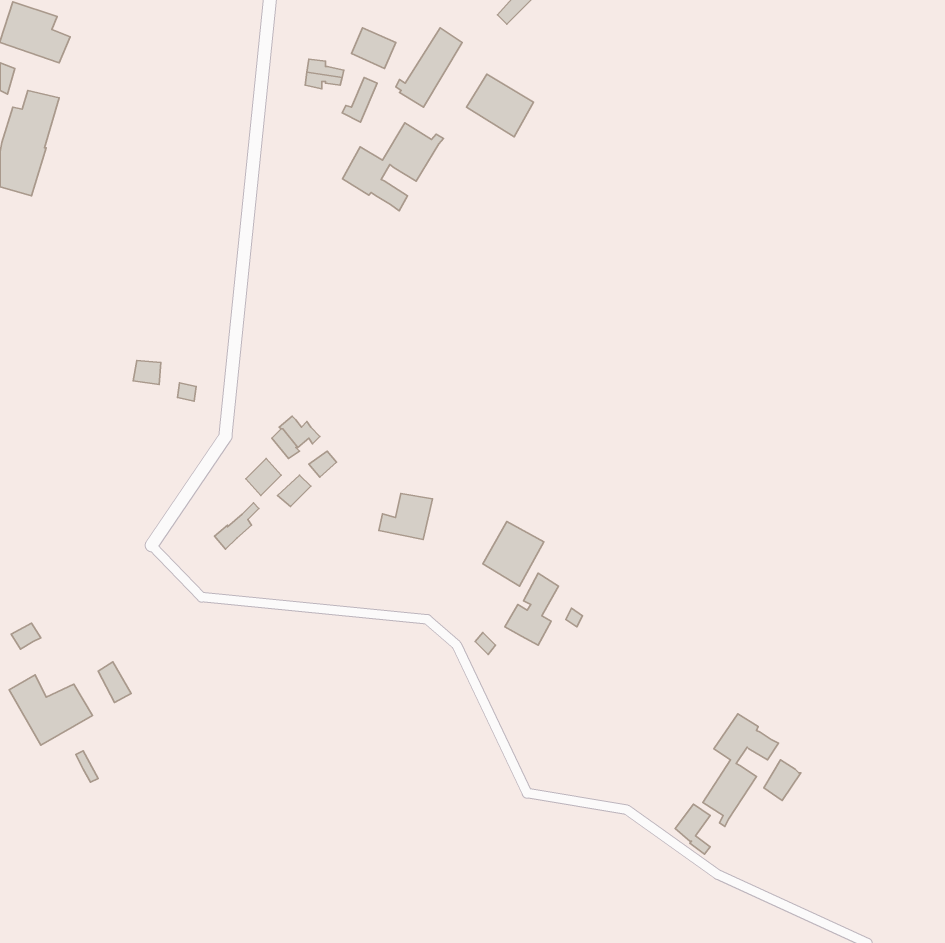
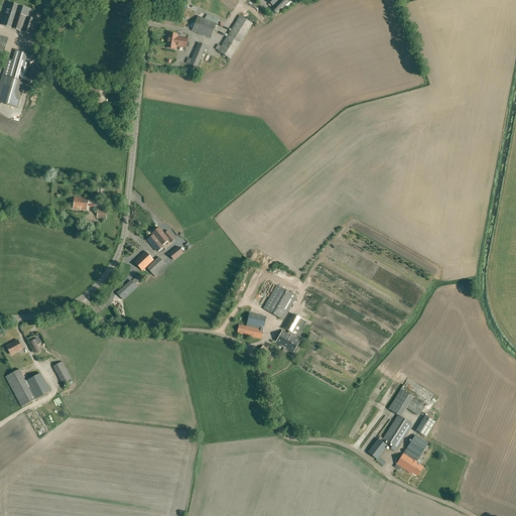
building: [467,74,533,137] -> none
building: [342,123,443,211] -> none
building: [379,493,432,540] -> [237,312,266,338]
building: none -> [394,434,427,475]

